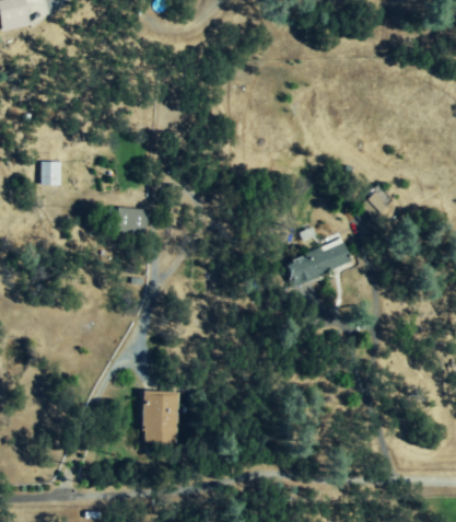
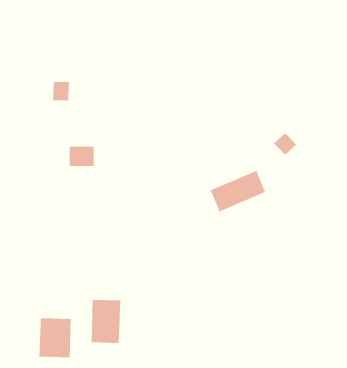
building: [40,162,61,185] -> [52,81,70,101]
building: none -> [39,318,71,358]

